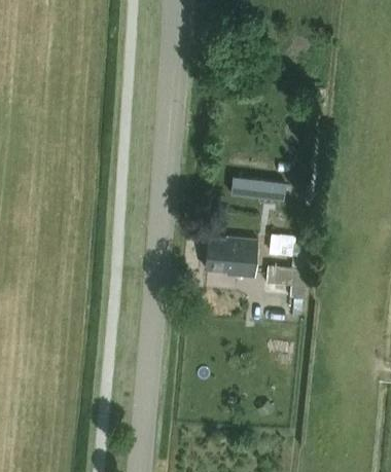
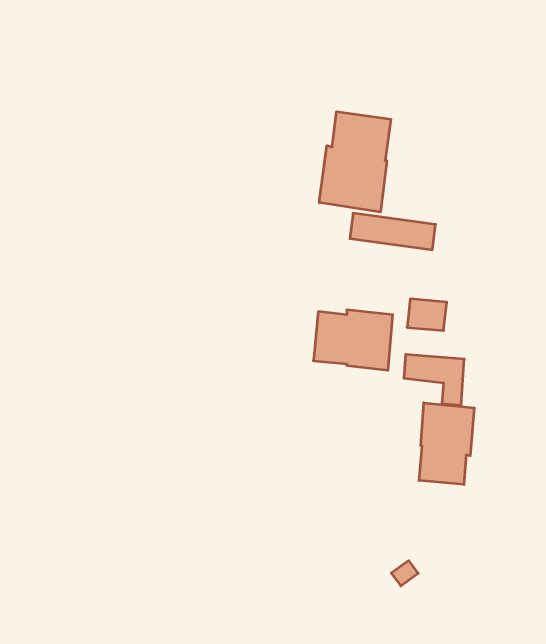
building: none -> [319,112,391,212]
building: none -> [419,403,474,485]

